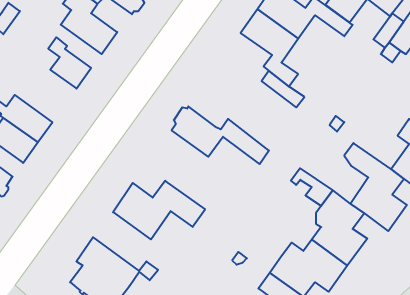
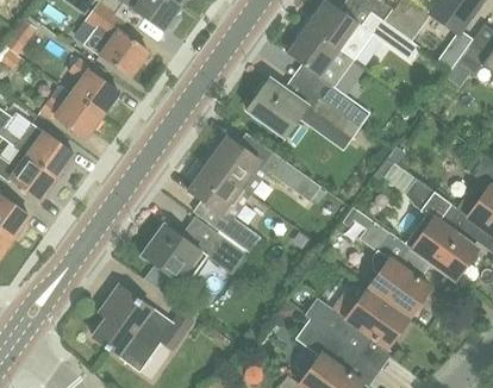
building: none -> [246,77,307,137]
building: none -> [39,86,100,139]
building: none -> [188,164,258,252]

